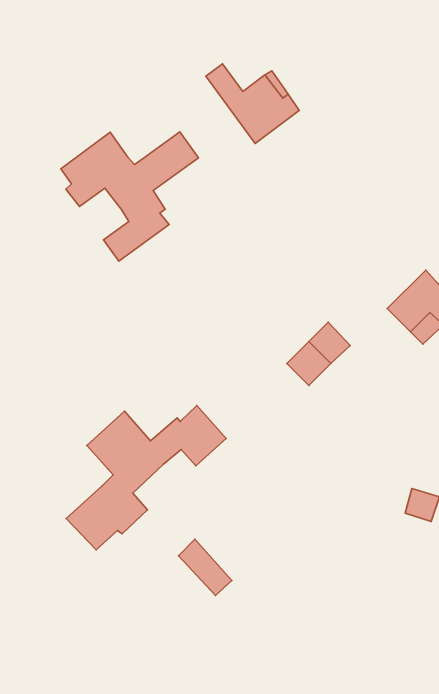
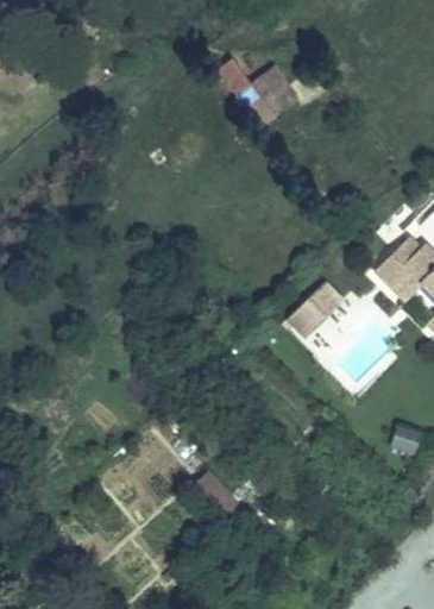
building: [61,132,198,261] -> none
building: [66,405,226,550] -> none

